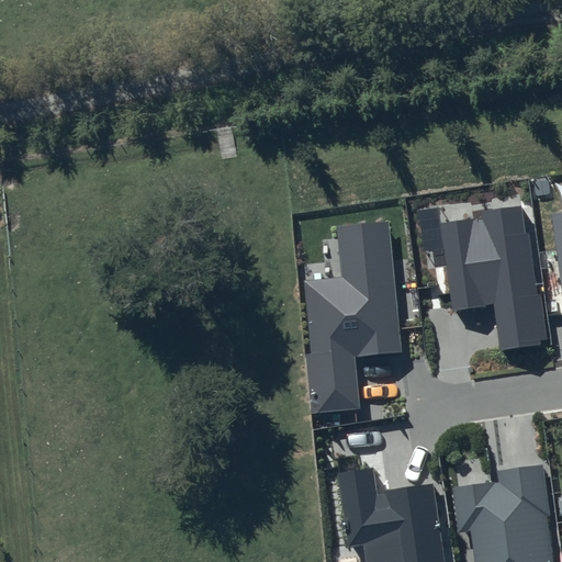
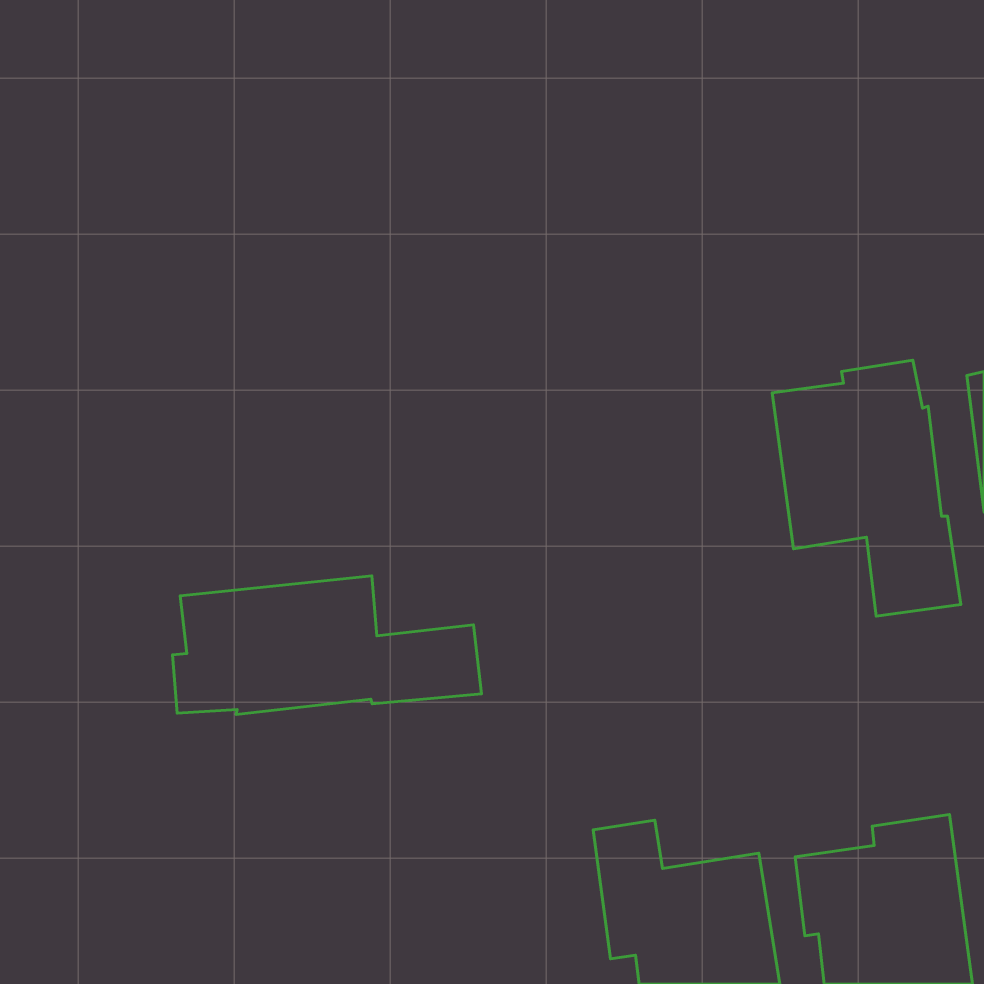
building: [305,221,402,414] -> none
building: none -> [173,576,482,714]

